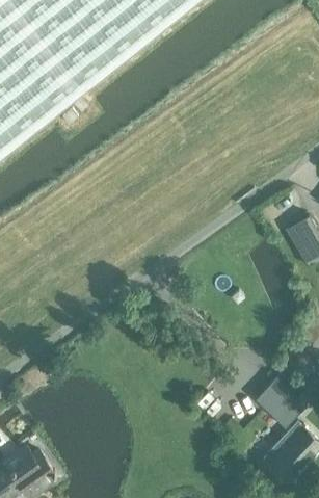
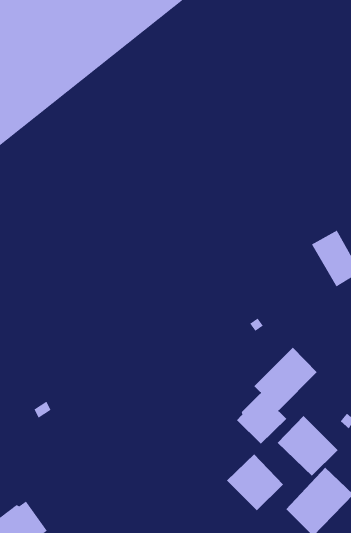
building: none -> [236,347,317,445]
building: none -> [226,454,284,511]

